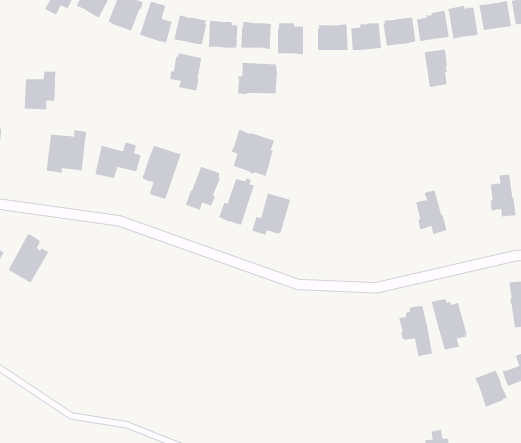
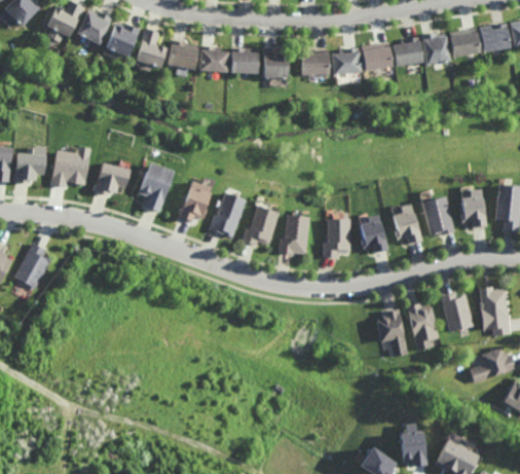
building: [424,49,448,88] -> none
building: [170,53,202,92] -> none
building: [238,62,277,95] -> none
building: [24,71,56,110] -> [14,147,44,183]
building: [231,129,275,177] -> none
building: none -> [421,194,454,235]
building: none -> [277,214,308,254]
building: none -> [358,214,387,253]
building: none -> [322,218,349,257]
building: none -> [442,293,475,332]
building: [475,370,507,408] -> none

